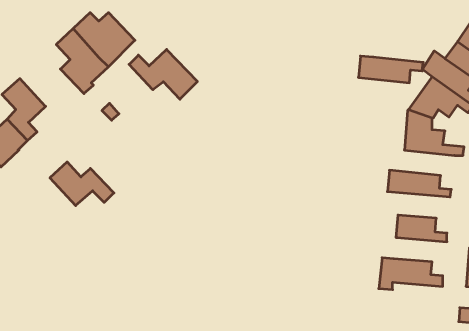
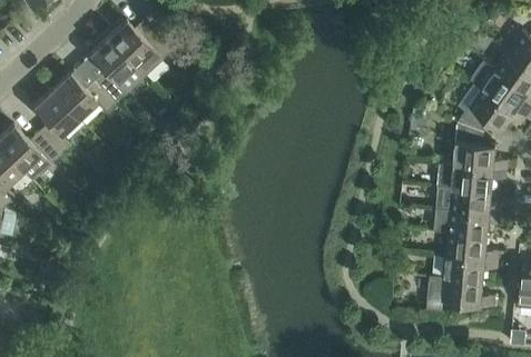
building: [129,49,197,99] -> none
building: [358,56,423,83] -> [437,163,505,191]
building: [50,162,114,206] -> [51,73,118,119]
building: none -> [433,208,501,236]
building: none -> [442,256,498,281]

